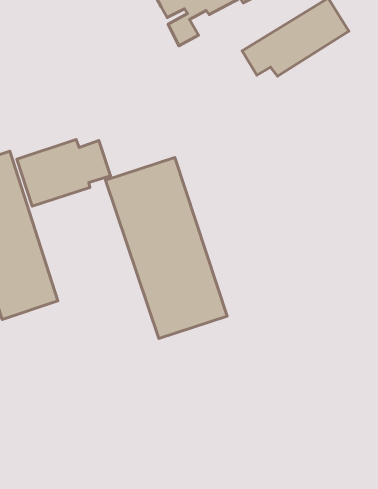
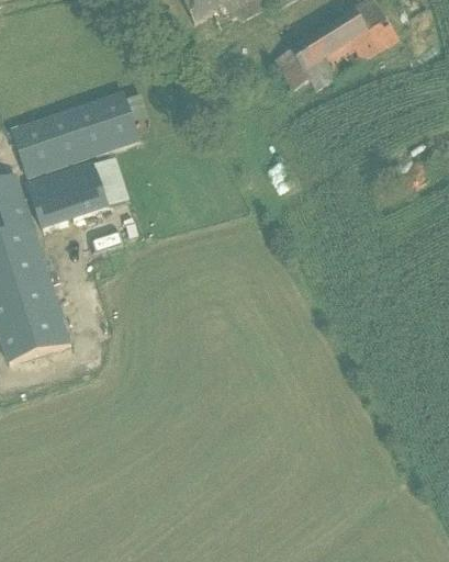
building: none -> [10,90,136,171]
building: [106,157,227,338] -> none

